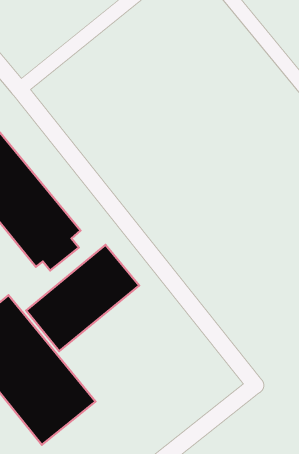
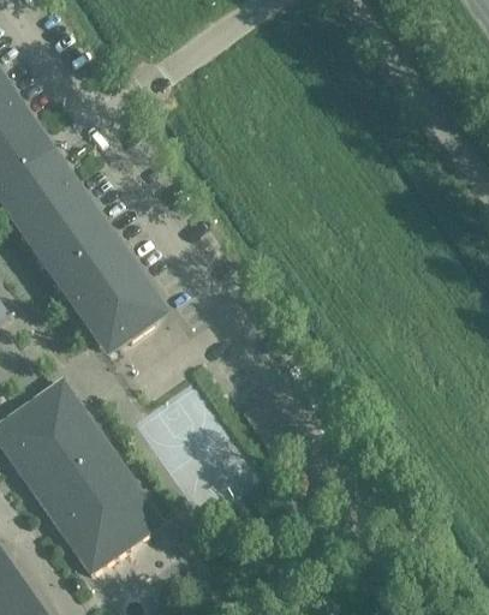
building: [26,245,139,351] -> none

